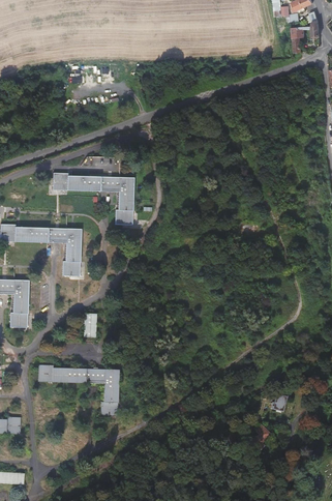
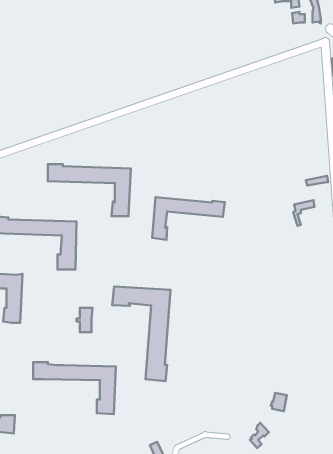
building: none -> [152,197,225,240]
building: none -> [112,286,171,381]

